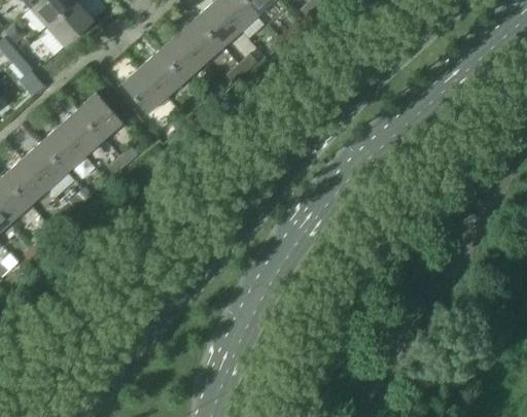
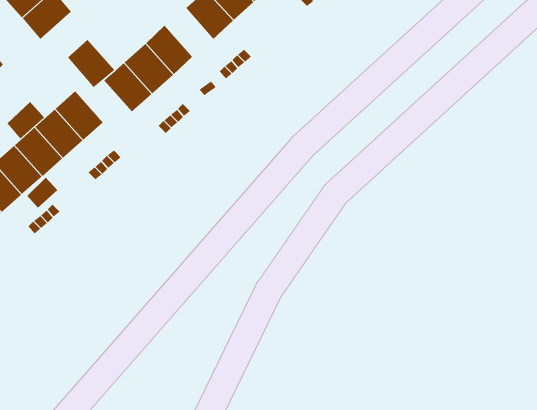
building: [178,18,222,62] -> none
building: none -> [67,39,115,88]
building: none -> [6,101,45,140]

